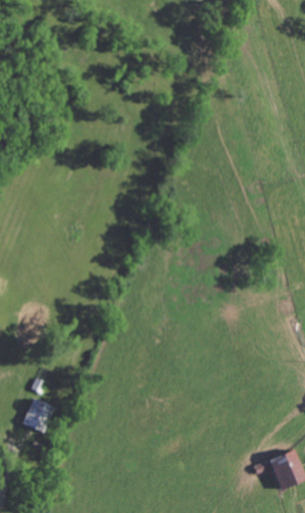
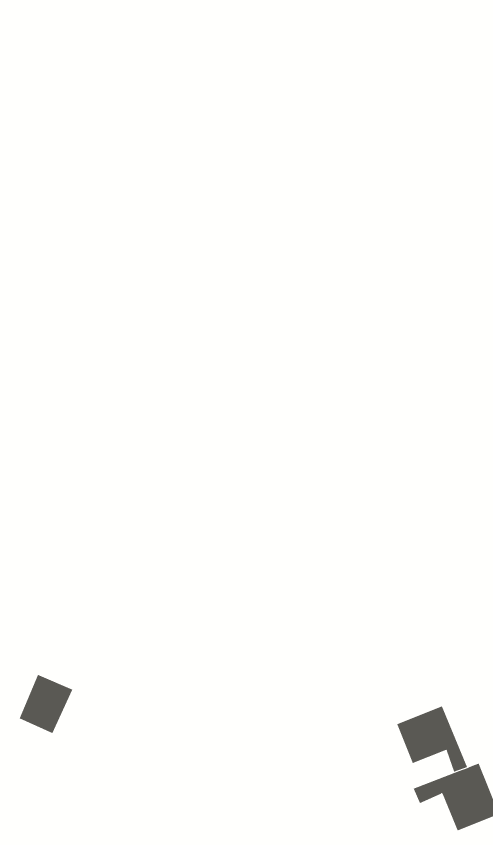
building: none -> [397,705,468,772]

